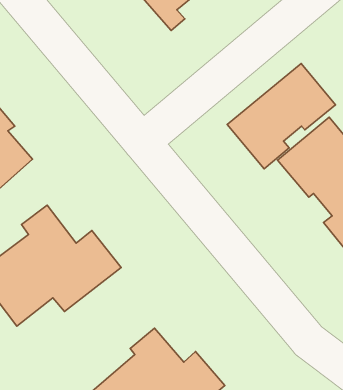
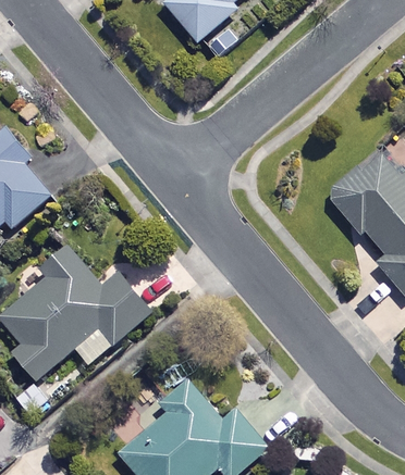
building: [227,63,335,169] -> none

